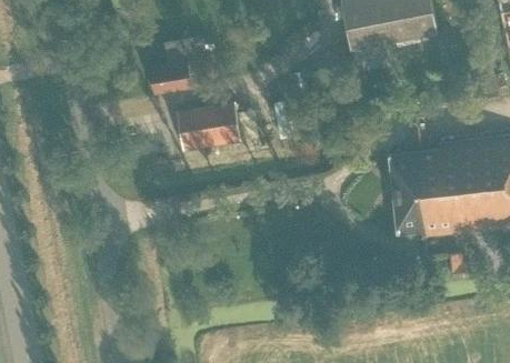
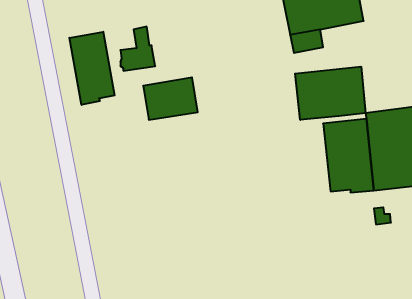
building: none -> [69,32,115,105]
building: none -> [295,67,365,120]

